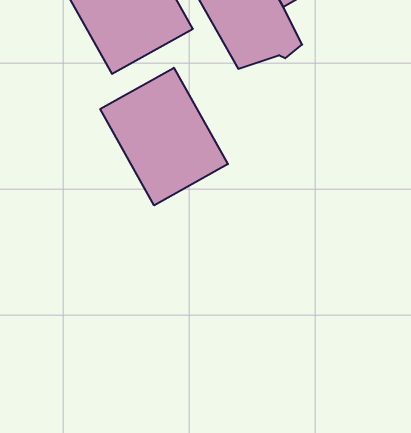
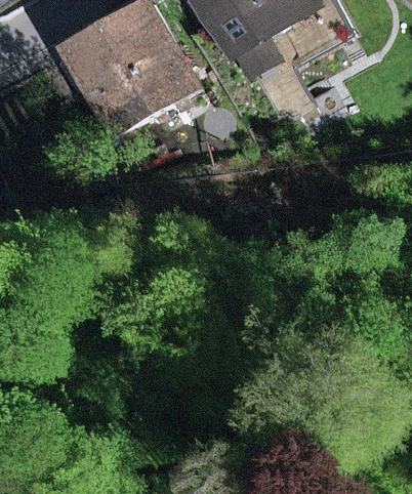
building: [100,68,228,205] -> none

